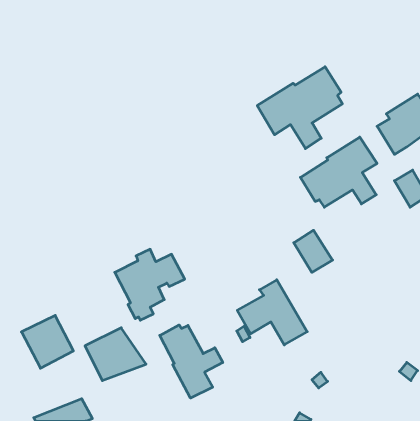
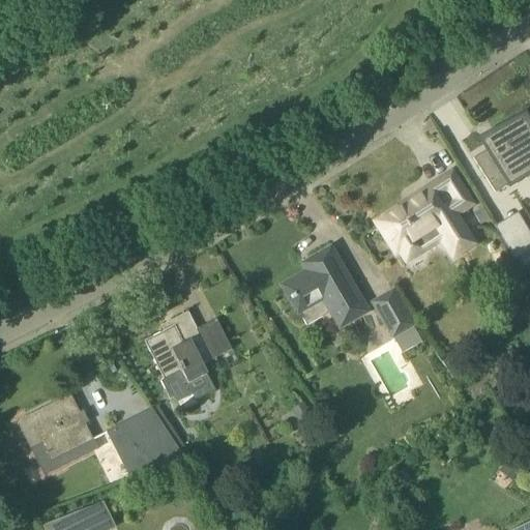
building: [257,67,342,149] -> none
building: [237,280,307,345] -> [283,247,371,329]
building: [160,325,223,398] -> none

